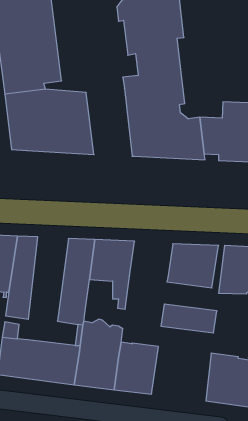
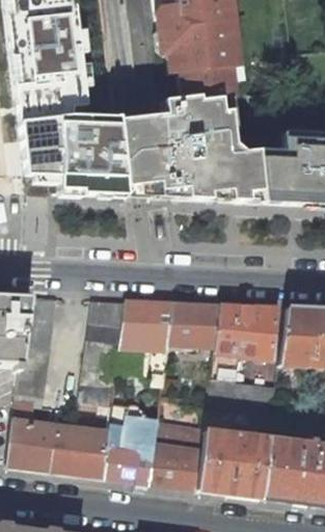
building: none -> [116,113,172,196]
building: none -> [169,300,222,345]
building: none -> [196,429,269,496]

